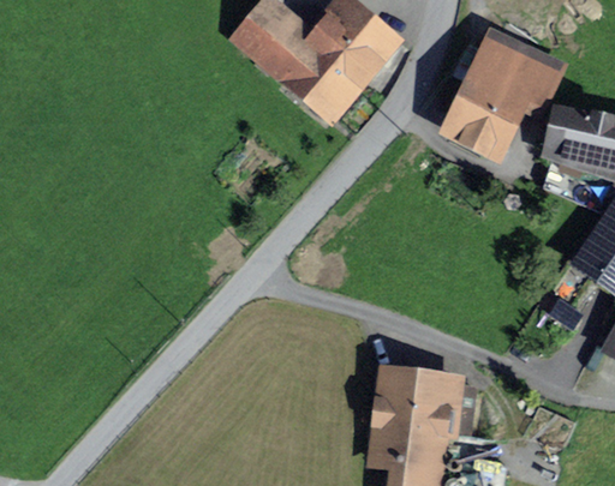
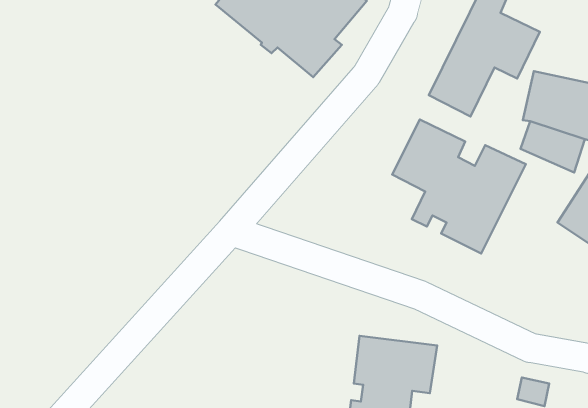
building: none -> [392,119,526,254]

